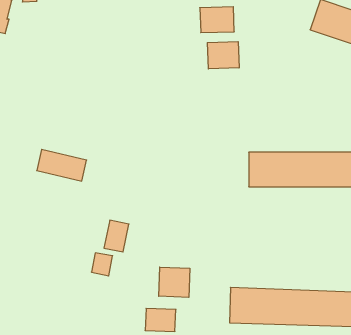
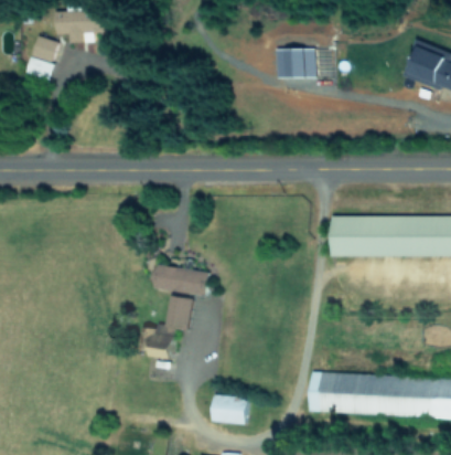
building: [207,42,239,69] -> none
building: [37,149,87,181] -> [151,262,208,298]
building: [159,267,190,297] -> none

